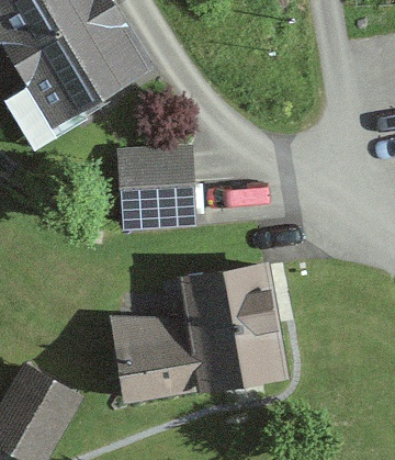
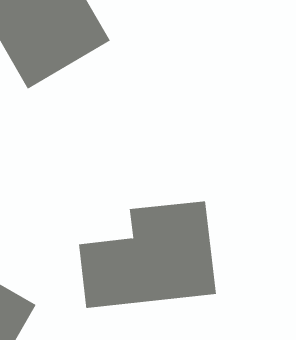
building: [113,146,189,237] -> none

